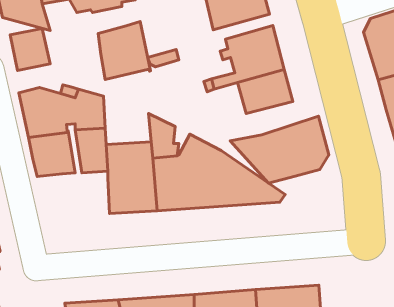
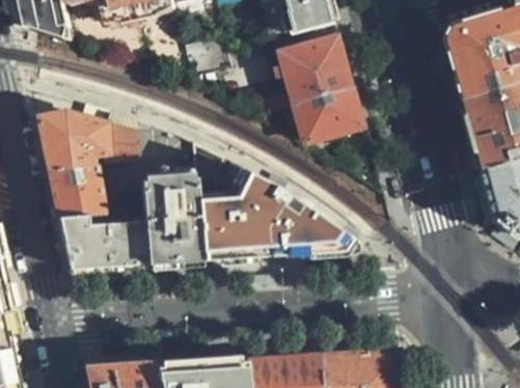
building: [98,21,150,80] -> none
building: [10,28,50,71] -> none
building: [230,116,329,183] -> none
building: none -> [56,214,143,267]

